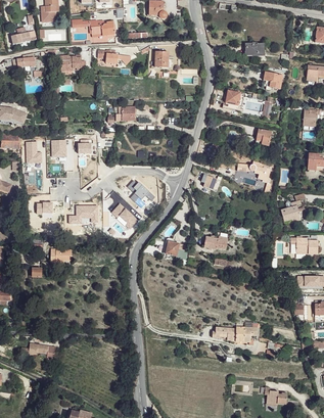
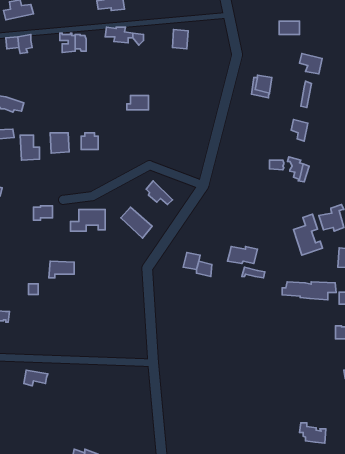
building: none -> [293,214,323,255]
building: [212,326,258,341] -> [282,282,336,300]

